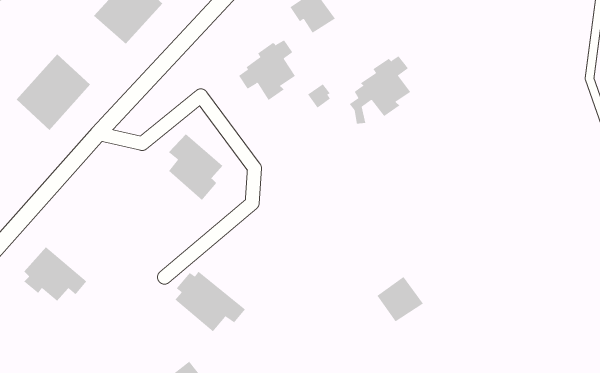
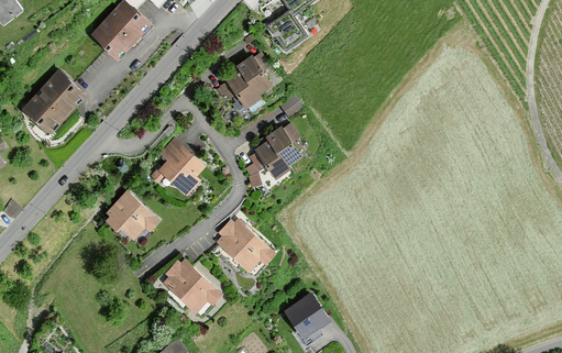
building: [349,56,411,124] -> [244,126,299,187]
building: none -> [216,219,279,273]
building: [23,246,87,301] -> [106,190,162,239]
building: [376,276,424,322] -> [285,291,327,332]

